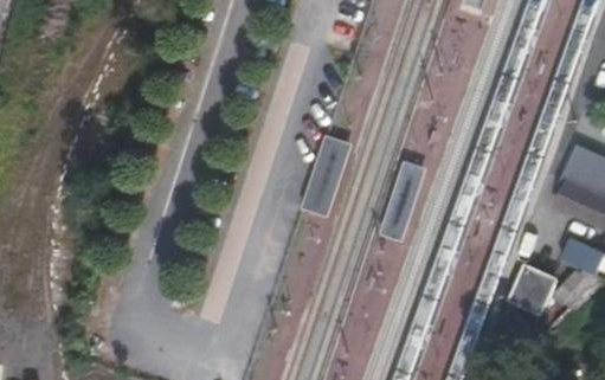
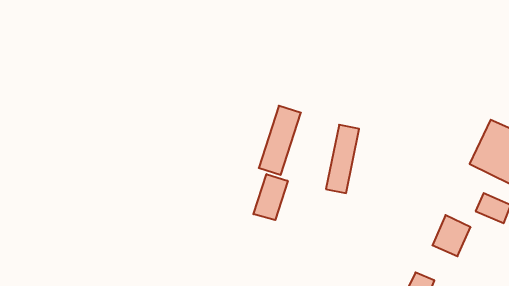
building: none -> [253,174,288,220]

